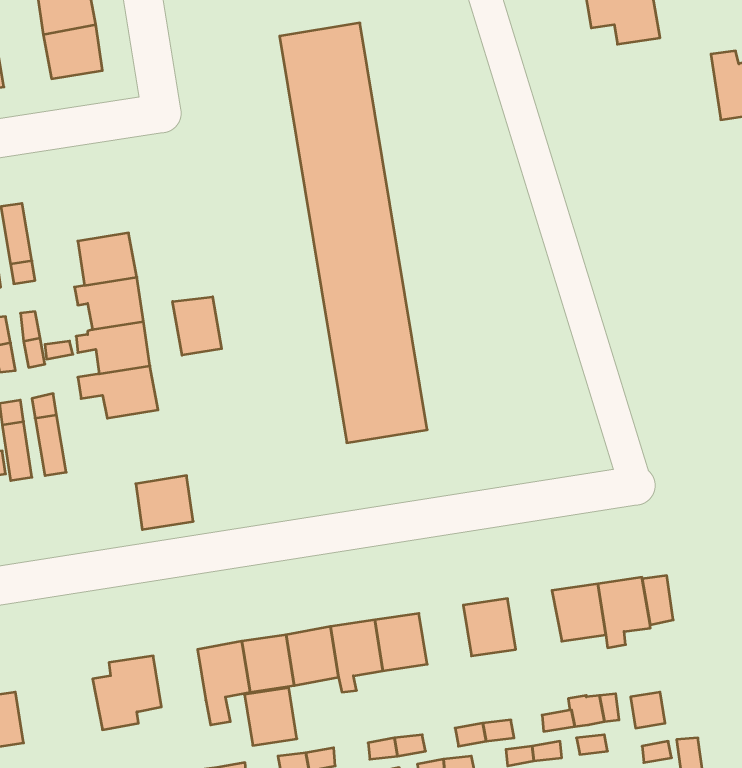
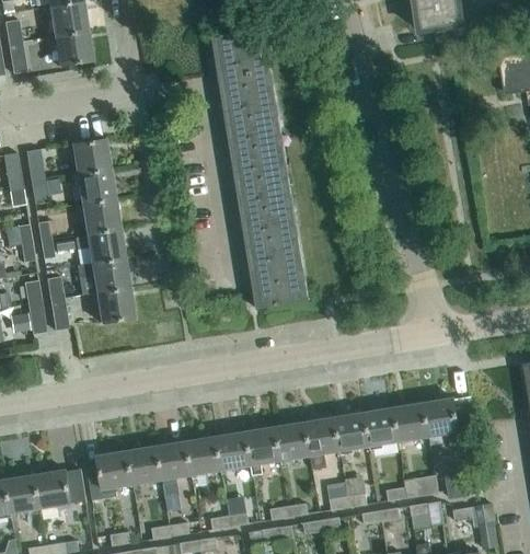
building: none -> [71,138,111,174]
building: [173,297,222,355] -> none
building: [136,476,193,530] -> [96,287,135,323]
building: none -> [364,407,400,447]
building: none -> [304,417,339,470]
building: none -> [35,470,87,509]
building: [244,688,297,745] -> [127,447,162,485]

